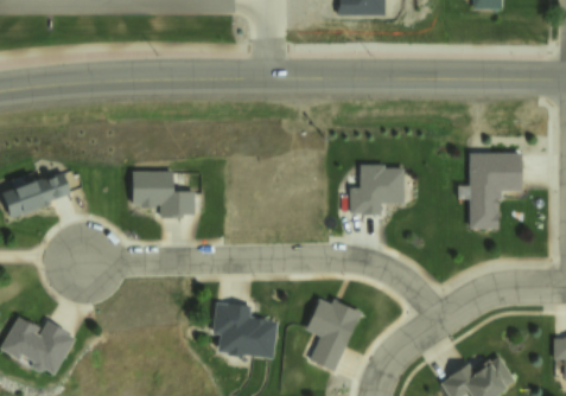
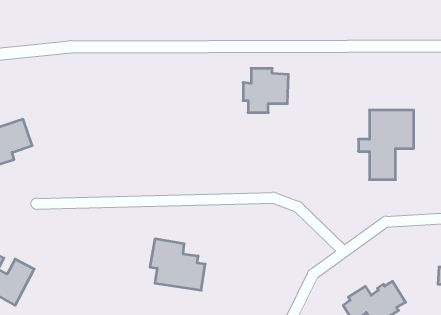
building: [352,164,406,216] -> [243,68,288,113]
building: [132,172,192,219] -> none
building: [309,300,363,372] -> none

